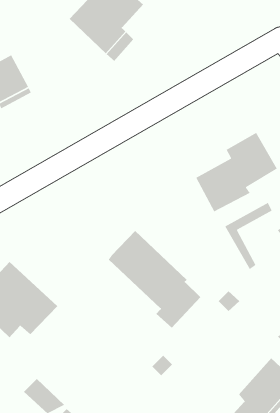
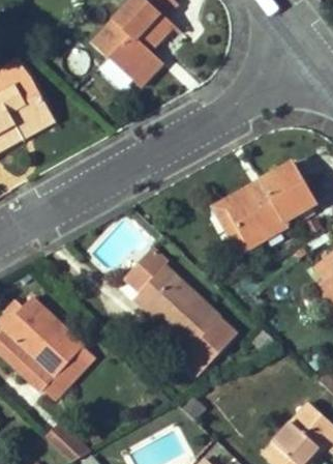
building: [224,202,273,270] -> [214,179,266,252]
building: none -> [123,248,168,292]
building: none -> [31,346,93,399]

